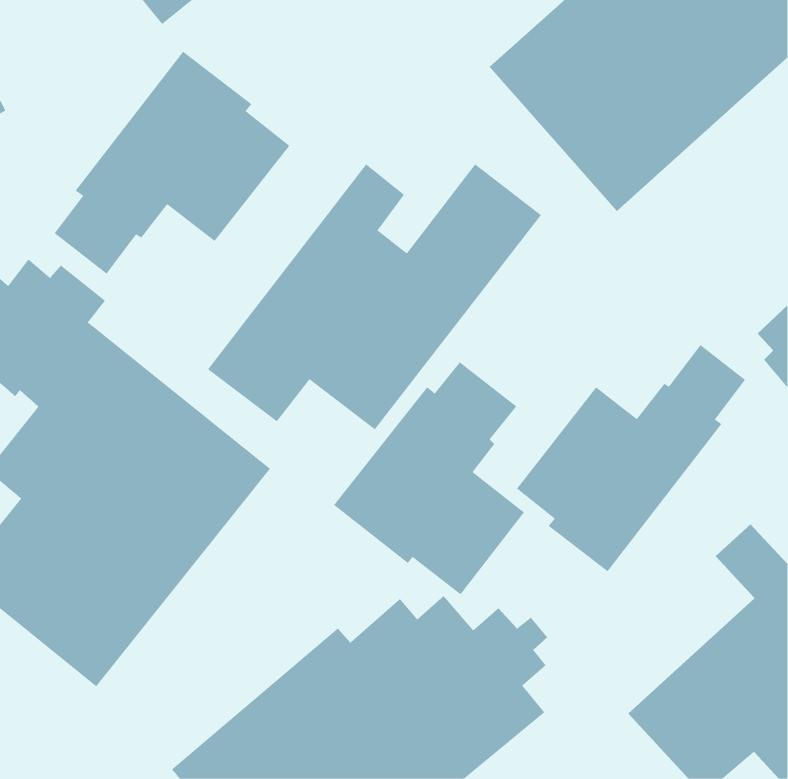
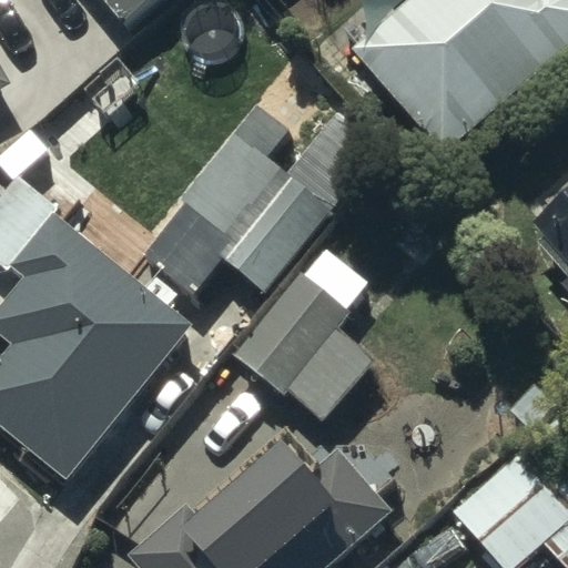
building: [54,51,290,275] -> none
building: [516,344,746,572] -> none

